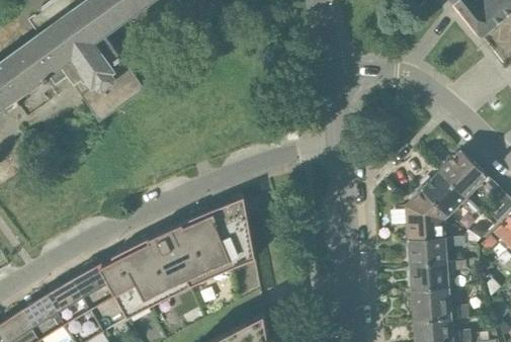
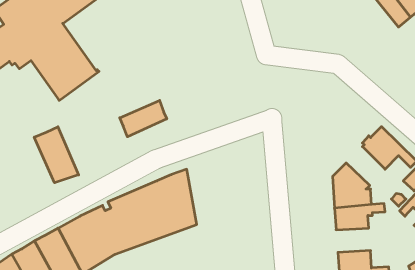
building: none -> [120,100,167,137]
building: none -> [34,127,79,183]
building: [422,173,478,217] -> none
building: [411,262,475,291] -> none

